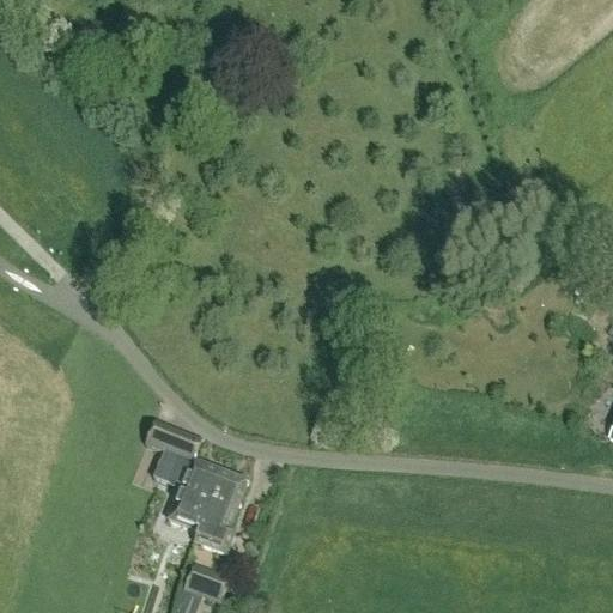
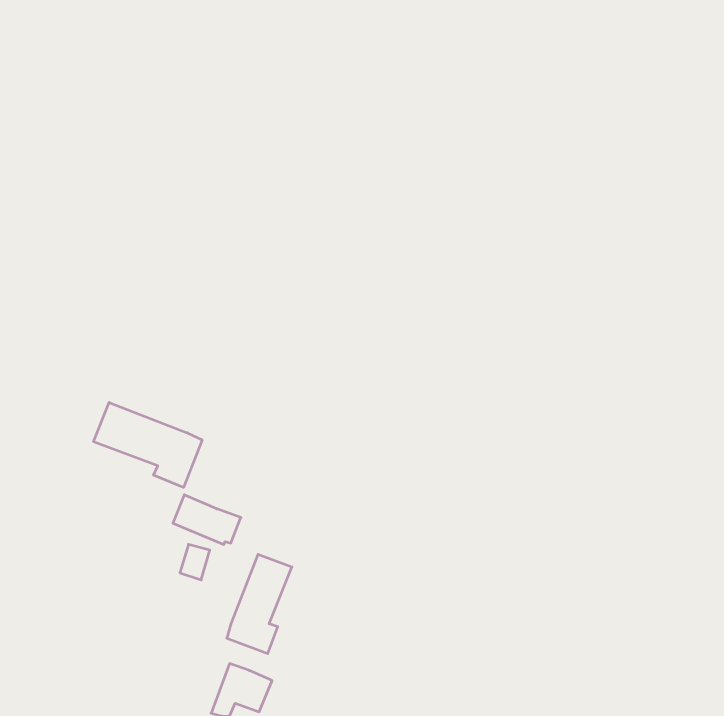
building: none -> [94,402,202,487]
building: [168,457,218,527] -> none

